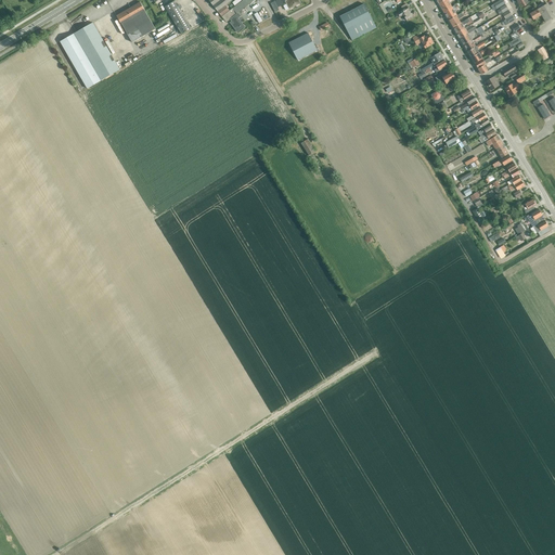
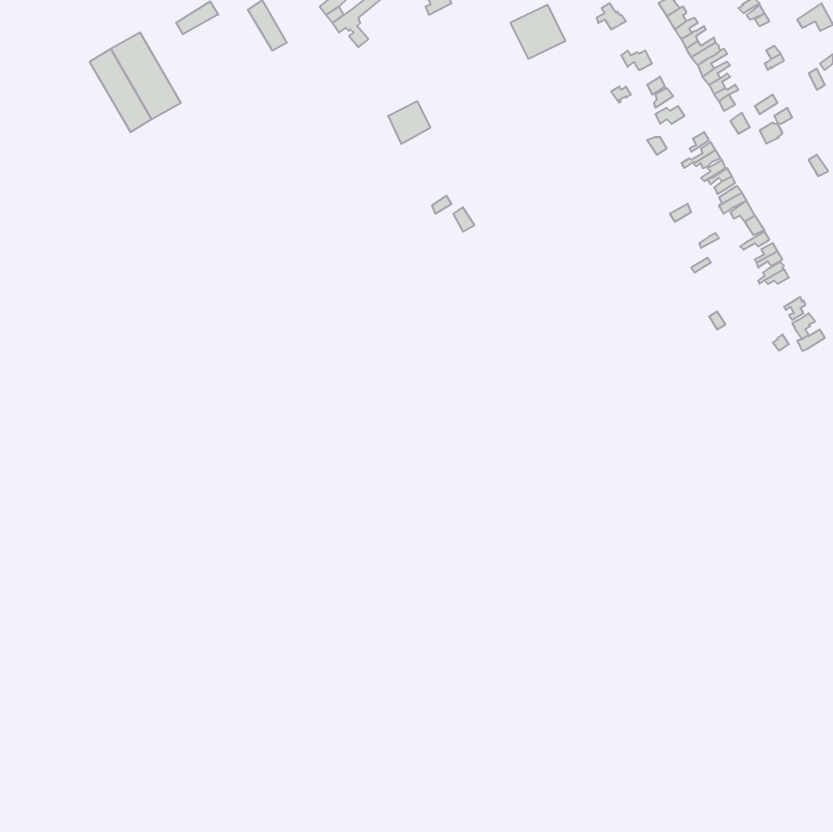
building: [121,10,155,41] -> none
building: [288,31,317,60] -> [388,101,430,144]

